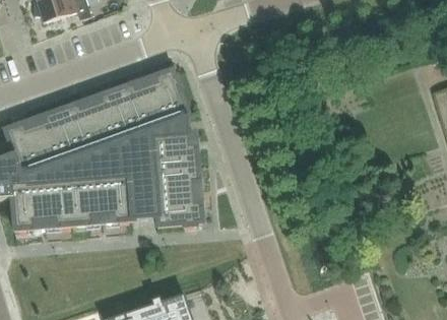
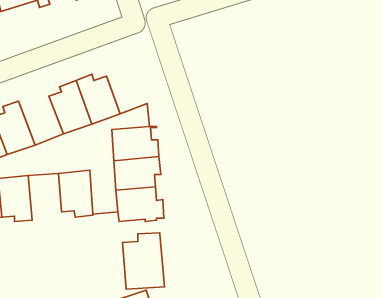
building: [146,68,188,121] -> none
building: [61,103,105,151] -> none
building: [70,179,103,225] -> none
building: none -> [122,233,165,289]

